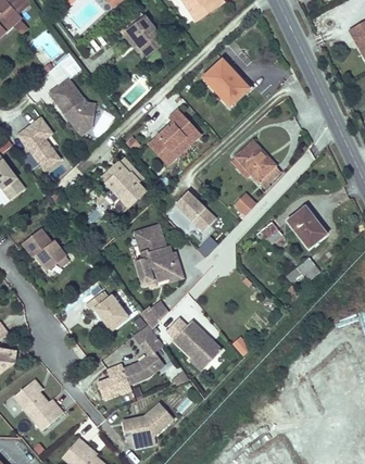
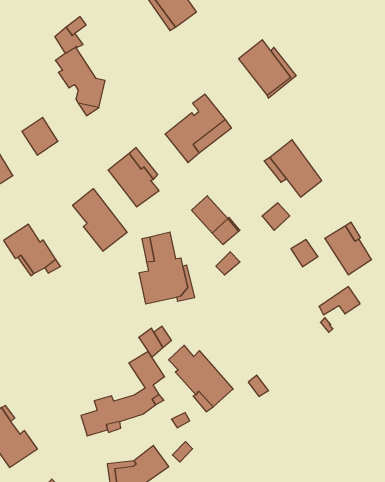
building: [15,117,52,152] -> none
building: none -> [73,189,127,251]
building: [86,291,128,330] -> none

